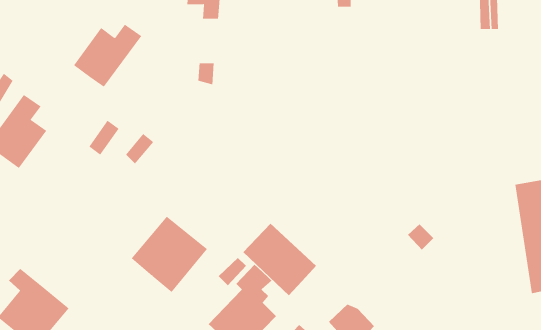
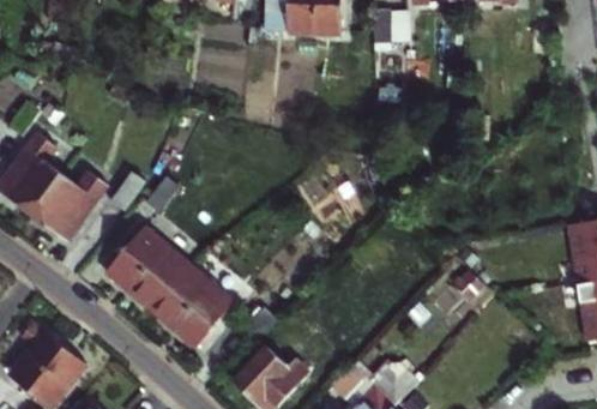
building: [73,24,142,88] -> [32,169,107,237]
building: none -> [107,225,191,309]
building: [242,223,317,296] -> none

